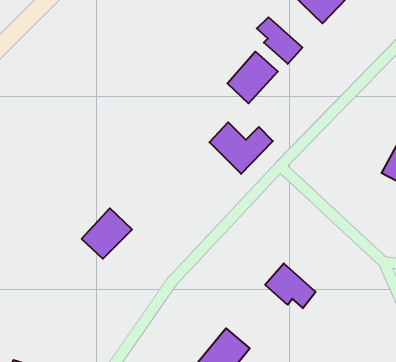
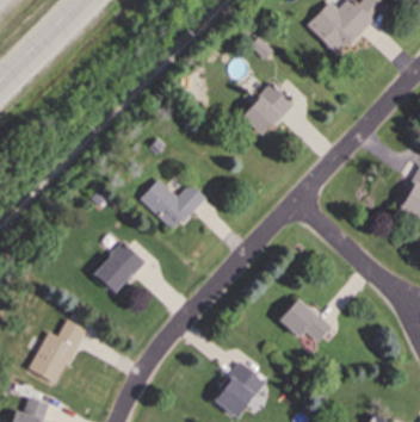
building: [257,17,302,64] -> none
building: [209,122,273,174] -> [140,179,204,231]
building: none -> [29,318,84,384]

